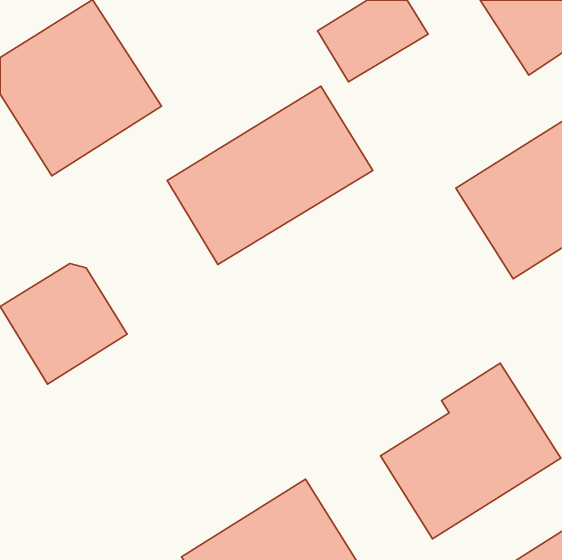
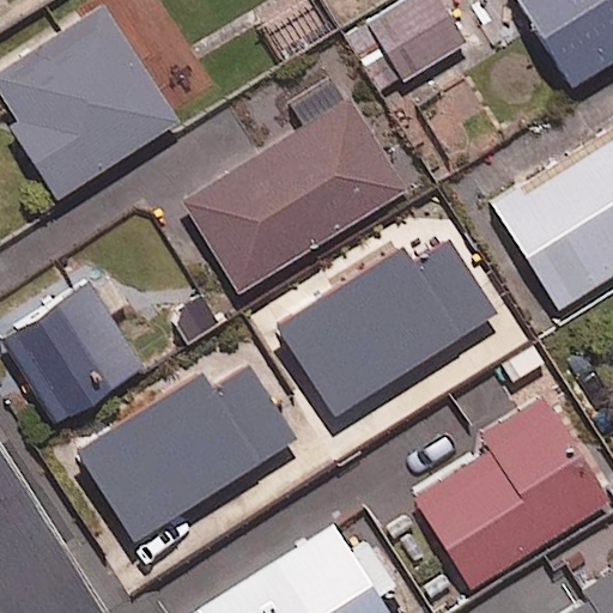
building: none -> [278,239,498,414]
building: none -> [78,366,295,540]

